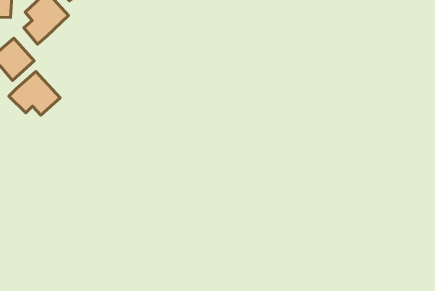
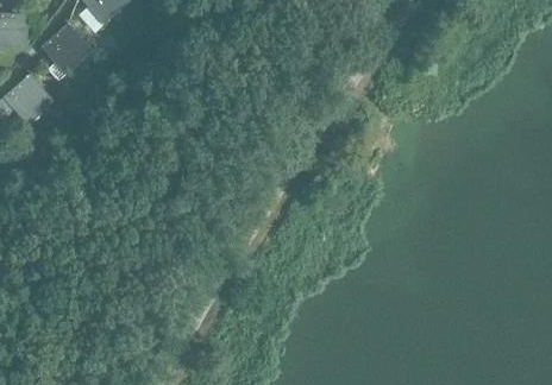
building: [9,71,60,115] -> none

